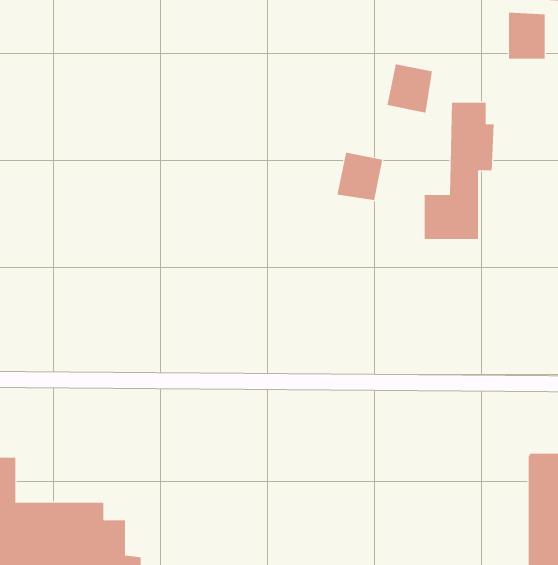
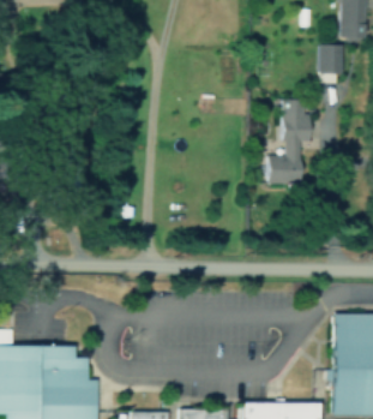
building: [387,63,433,113] -> none
building: [337,152,383,201] -> none

